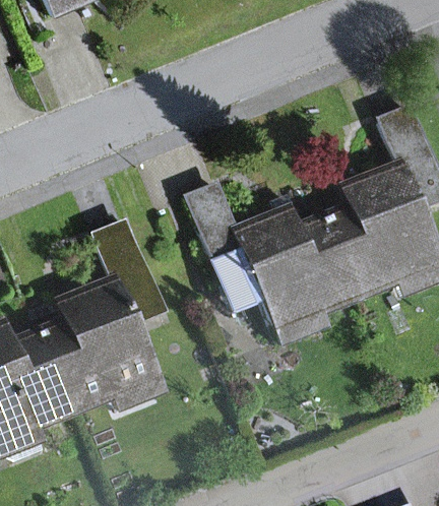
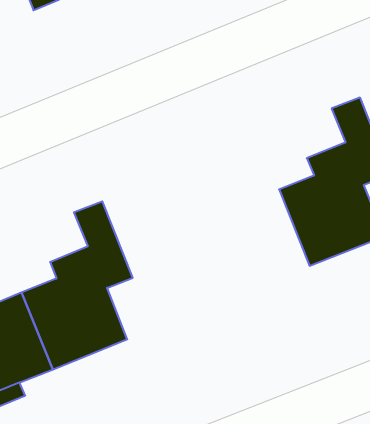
building: [188,188,358,329] -> none

